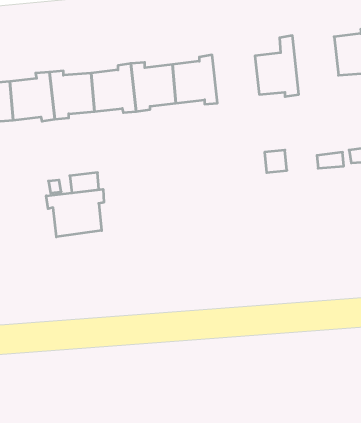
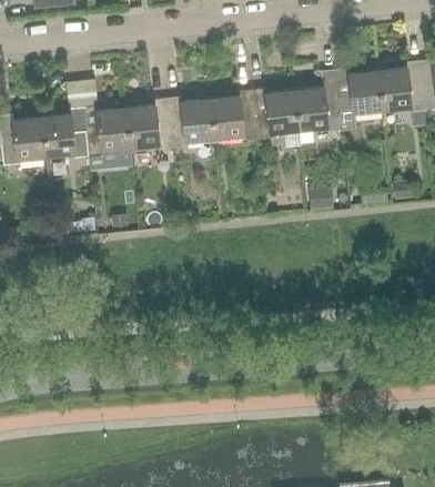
building: none -> [335,69,383,131]
building: none -> [252,89,301,140]
building: [46,189,104,237] -> none

